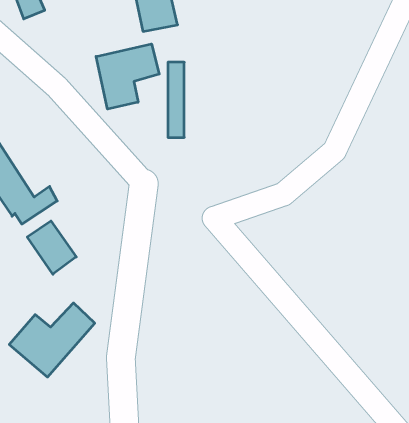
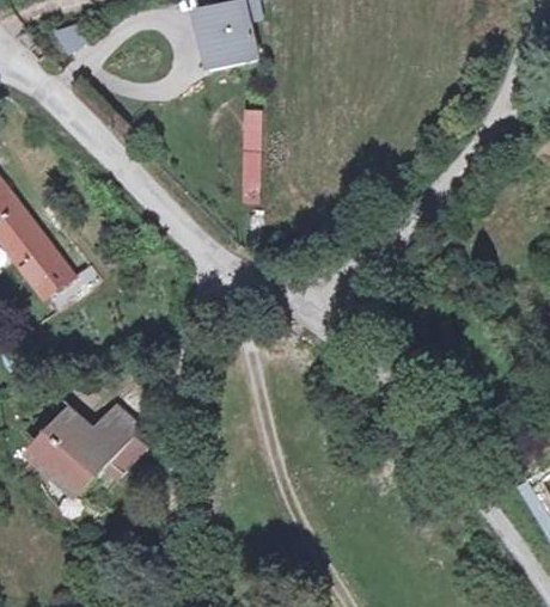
building: [96,44,159,109] -> none
building: [27,221,76,274] -> none

